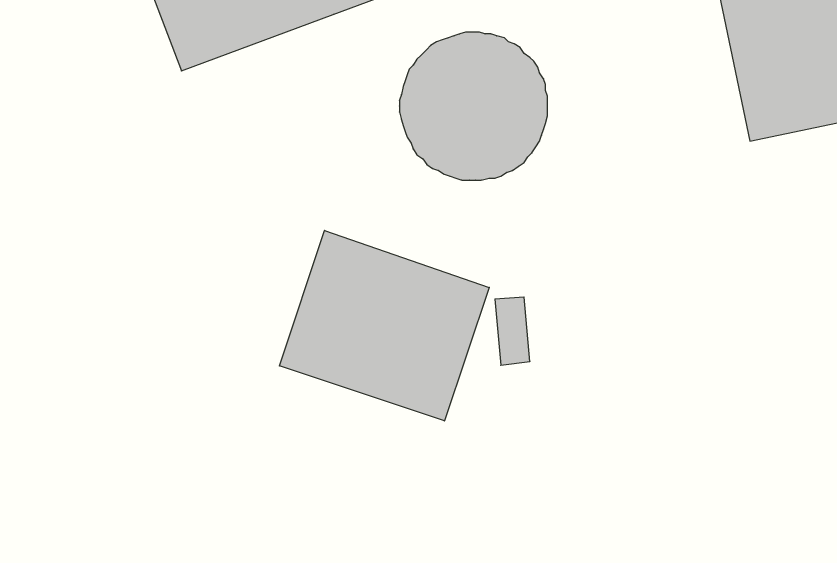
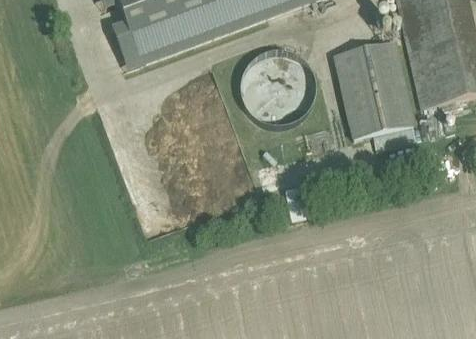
building: none -> [335,40,413,137]
building: [279,230,489,421] -> none

